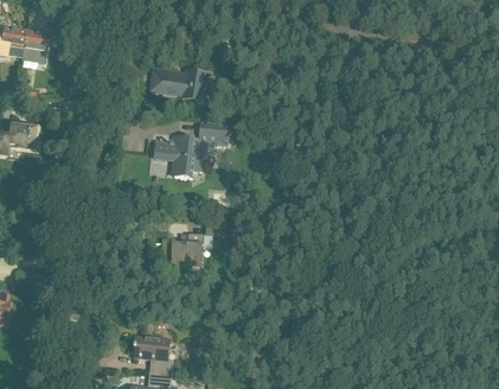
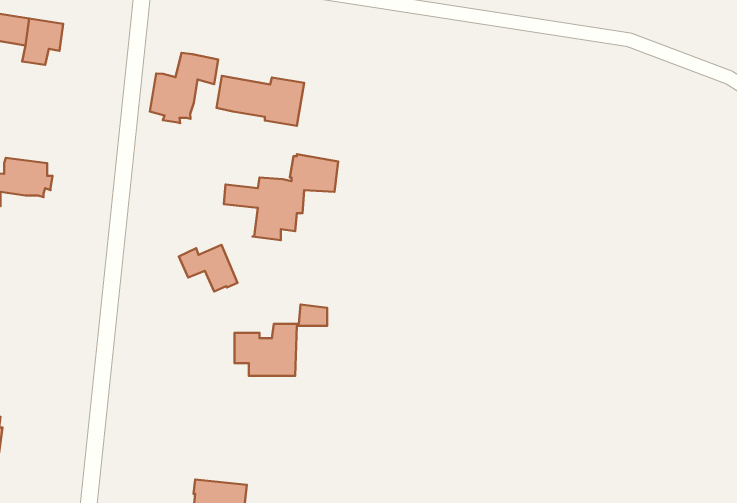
building: none -> [150,53,218,123]
building: none -> [179,245,237,292]

